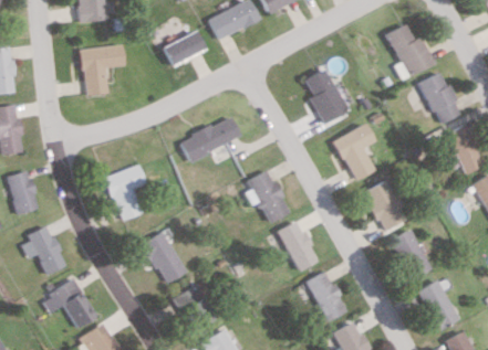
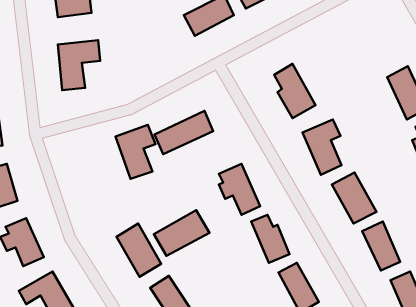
building: [384,23,430,78] -> none
building: [163,31,205,64] -> none
building: [105,165,146,220] -> [115,125,156,179]
building: none -> [154,210,210,256]

